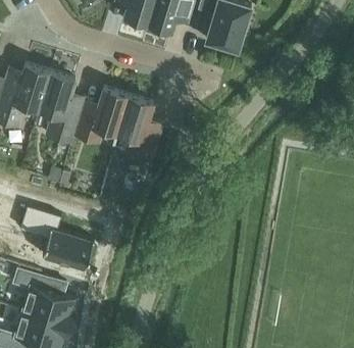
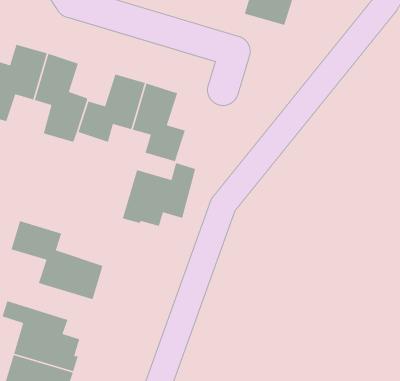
building: none -> [122,162,196,227]

